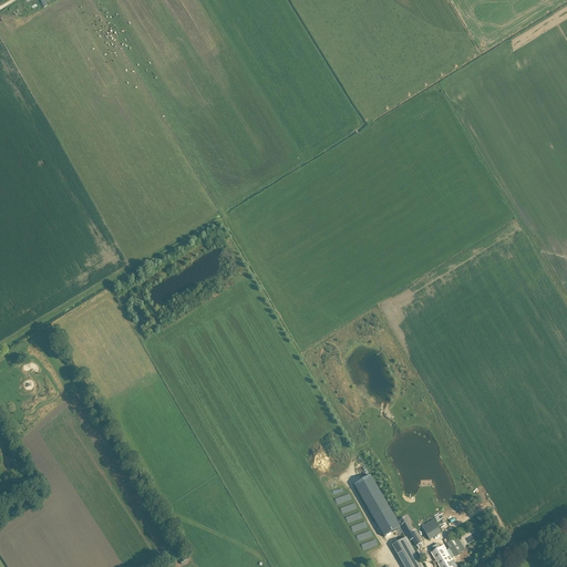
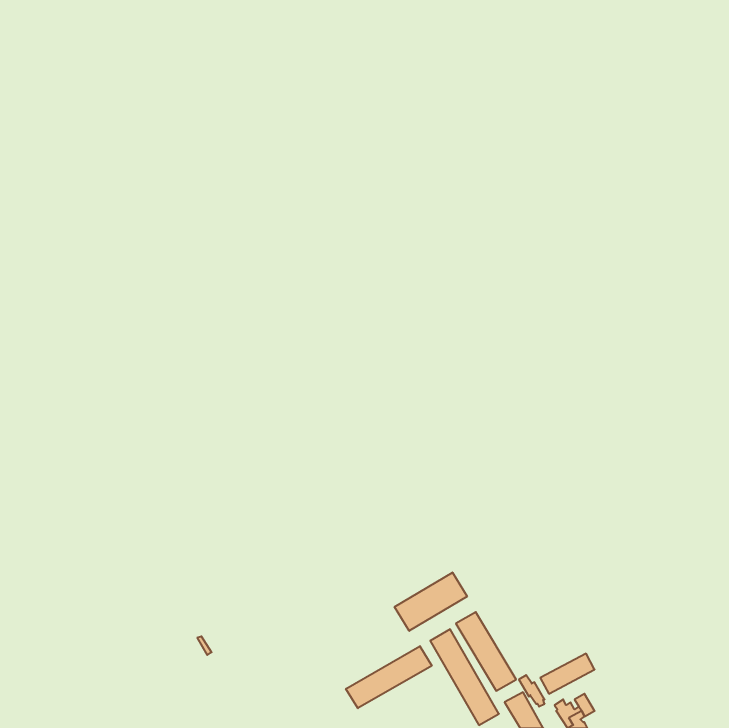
building: none -> [395,572,467,631]
building: none -> [346,646,432,708]

